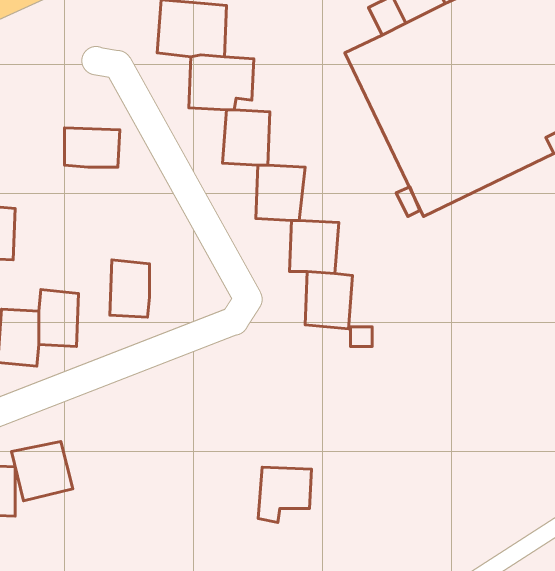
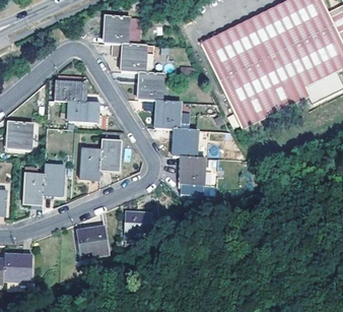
building: none -> [68,101,97,122]
building: none -> [100,139,121,169]
building: [12,442,73,501] -> [77,227,109,257]
building: [258,467,312,522] -> [124,211,151,240]

